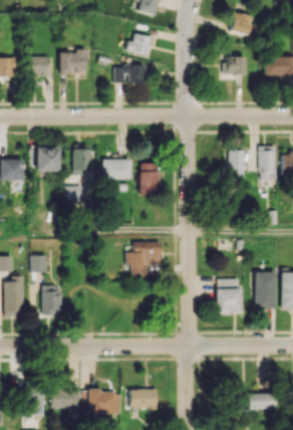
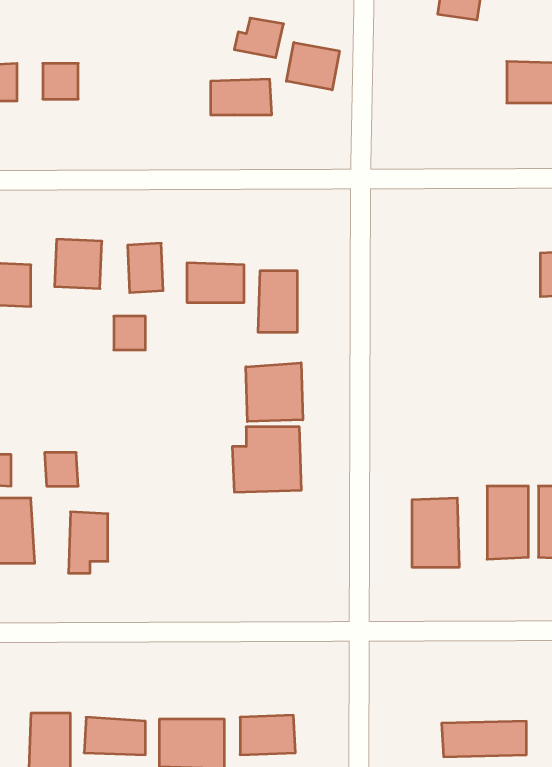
building: none -> [286,42,339,90]
building: [59,49,86,73] -> none
building: [222,56,246,74] -> none
building: [259,146,277,180] -> none
building: [228,150,245,181] -> none
building: none -> [246,363,303,422]

